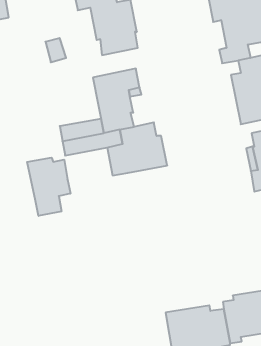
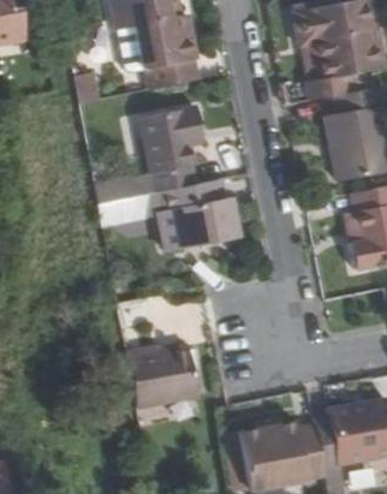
building: [27,158,70,216] -> none
building: none -> [125,345,197,407]

